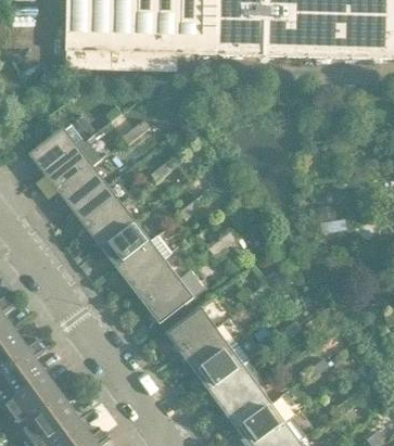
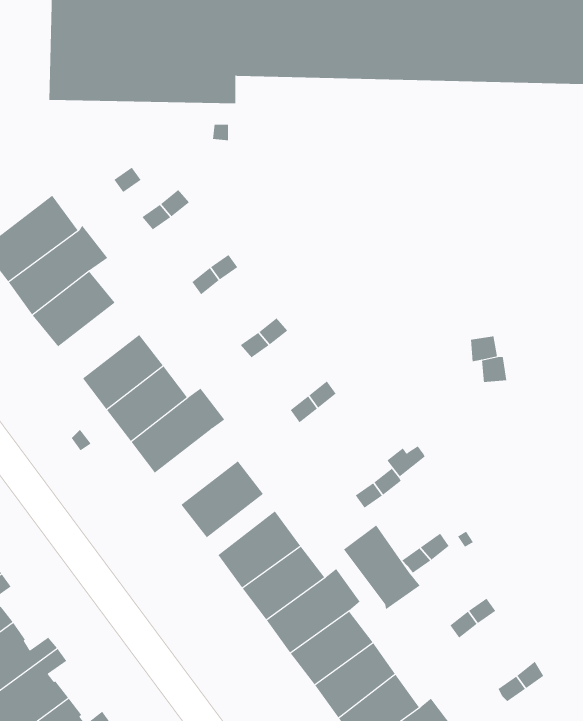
building: [72,186,119,230] -> none
building: [128,259,177,304] -> none
building: none -> [343,524,420,610]

